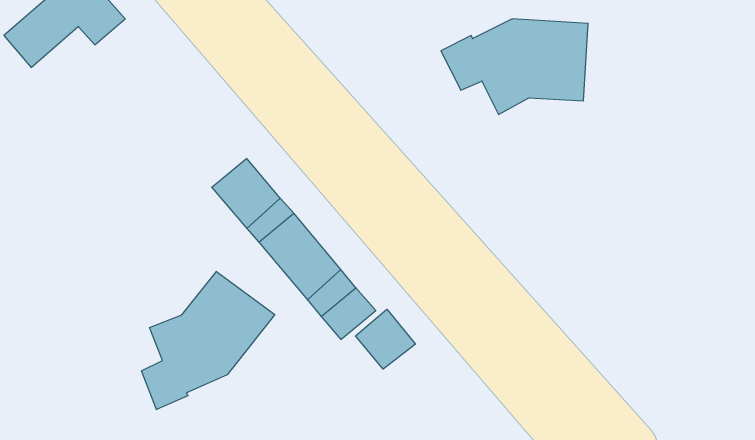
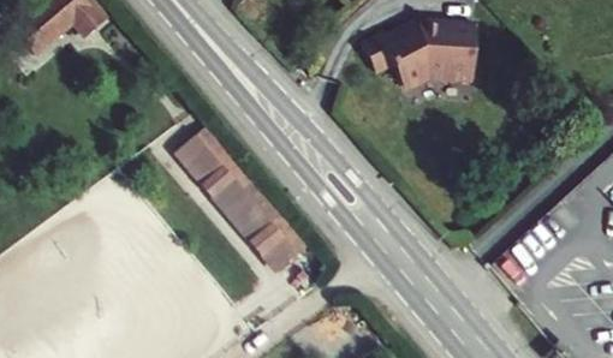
building: [142,271,275,410] -> none
building: [356,309,416,369] -> none

